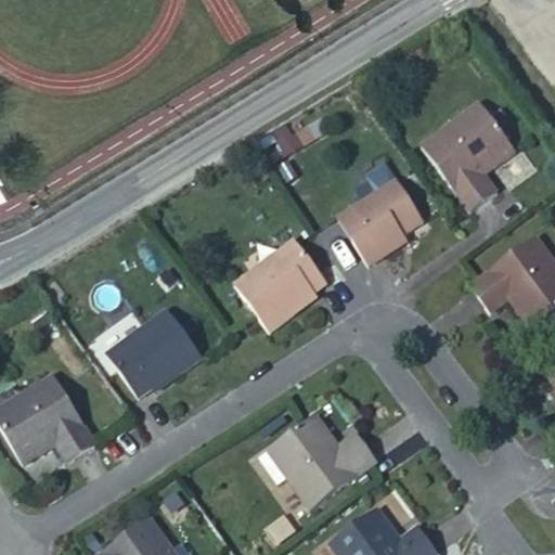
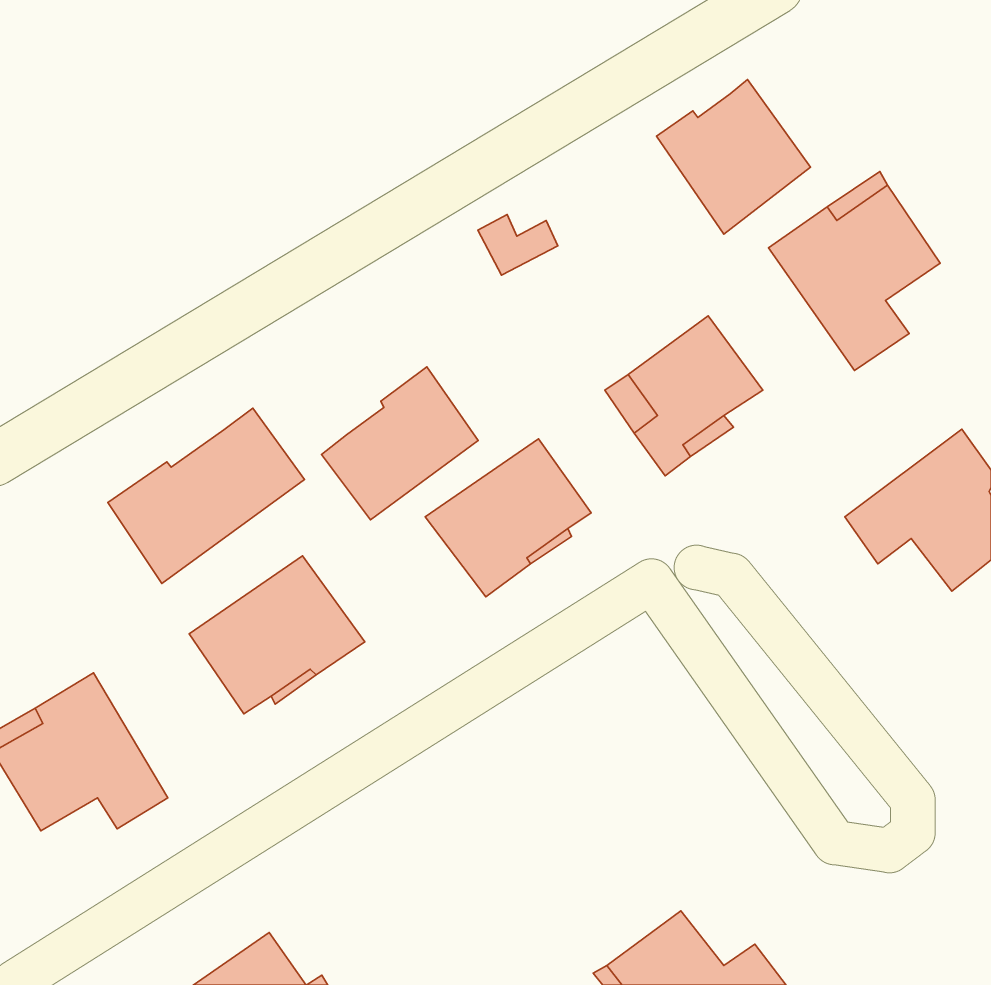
building: none -> [657,80,810,234]
building: none -> [322,367,478,520]
building: none -> [108,408,305,583]
building: [257,416,374,508] -> none

